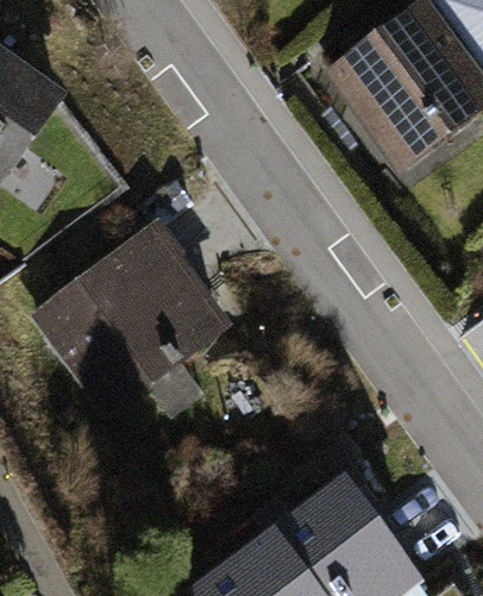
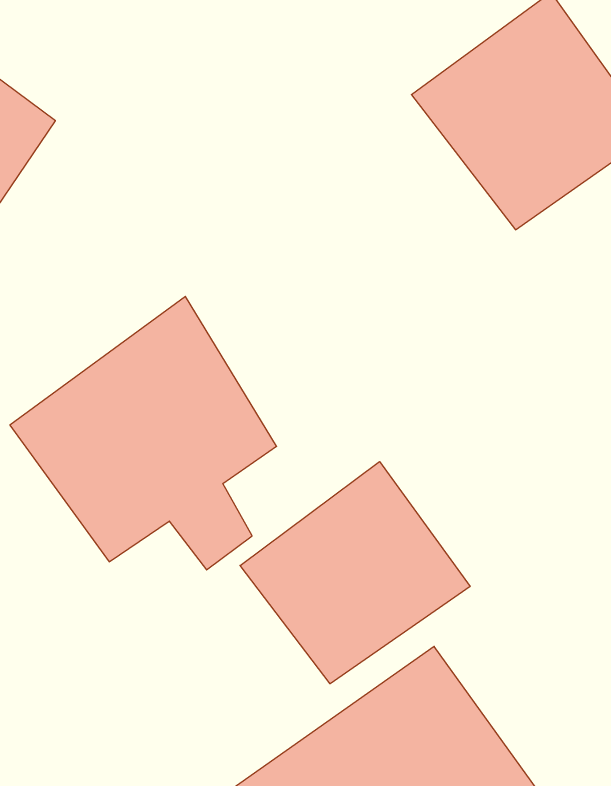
building: none -> [240,462,470,684]

